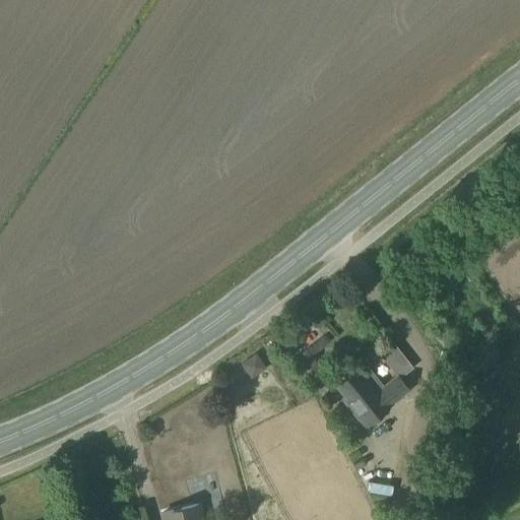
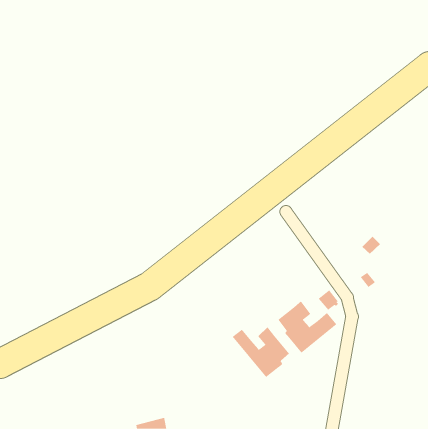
building: none -> [232,327,290,378]

